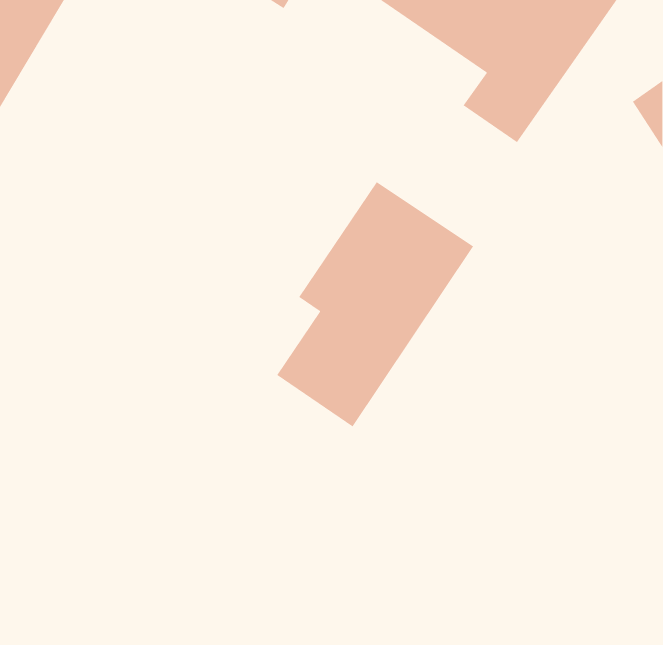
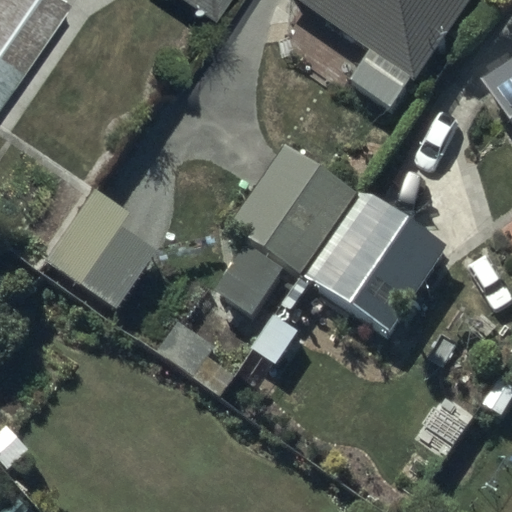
building: none -> [322,199,442,322]

